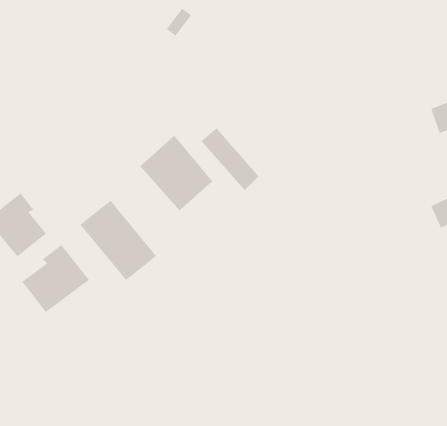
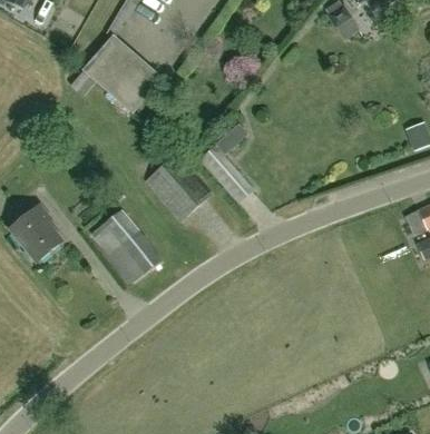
building: none -> [82,37,162,112]
building: [22,244,90,313] -> none

